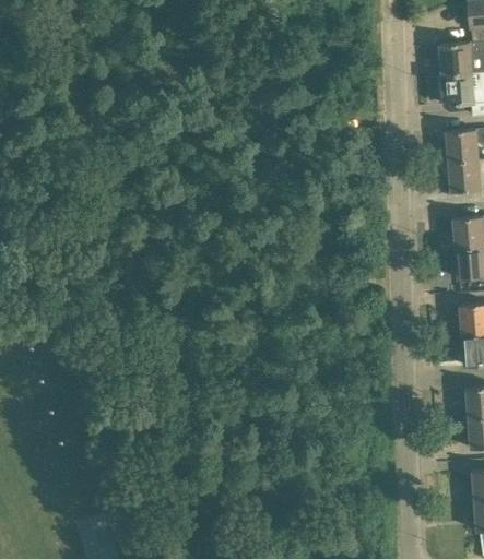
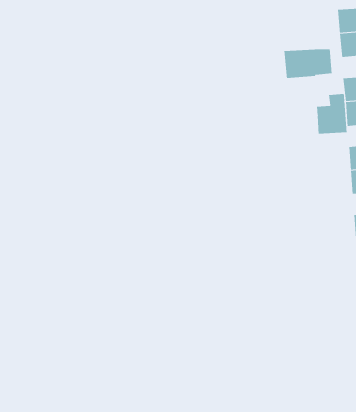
building: none -> [284,48,332,79]
building: none -> [316,93,347,134]

